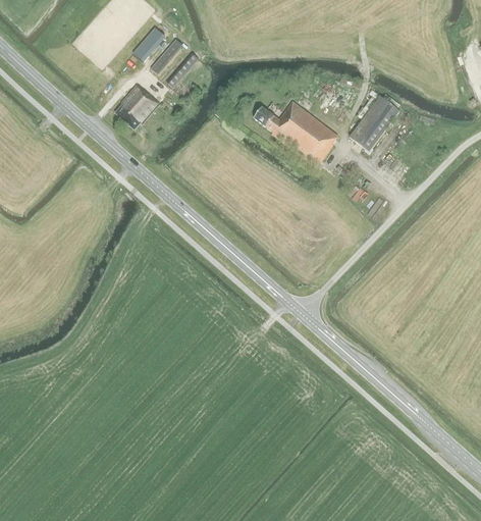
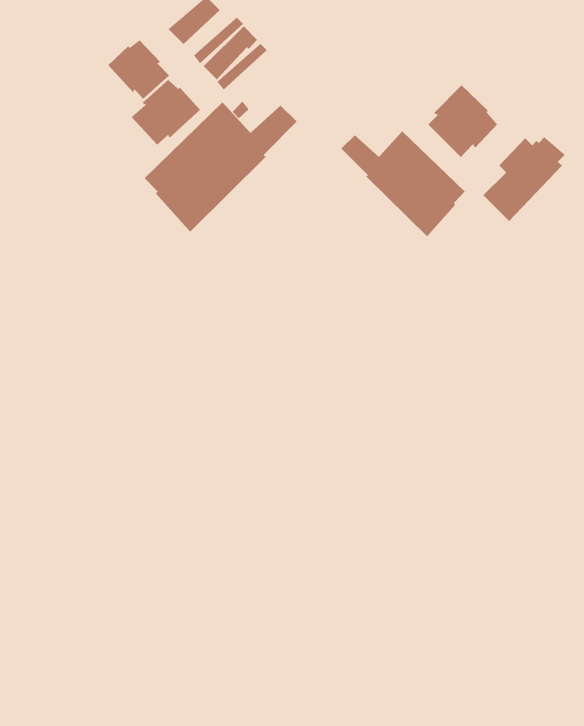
building: none -> [107,39,170,100]
building: none -> [427,84,498,158]
building: none -> [144,102,298,233]

